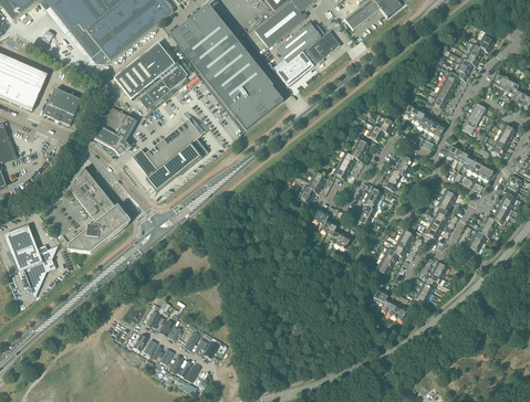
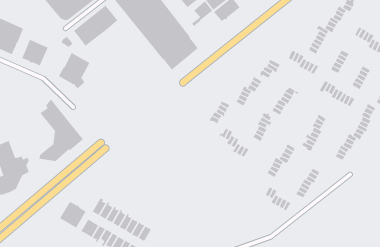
building: [277,51,314,86] -> none
building: [138,62,191,109] -> none
building: [132,119,208,192] -> none
building: none -> [59,201,86,229]

